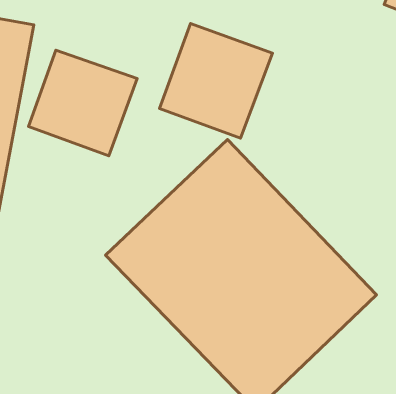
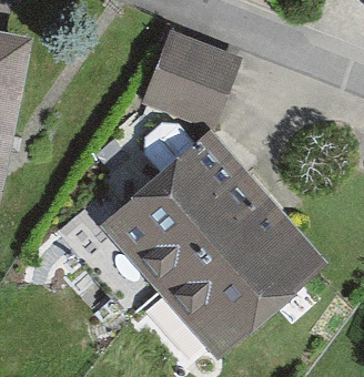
building: [28,50,137,156] -> none

